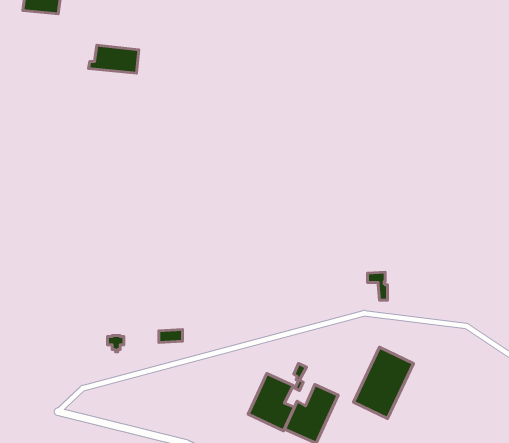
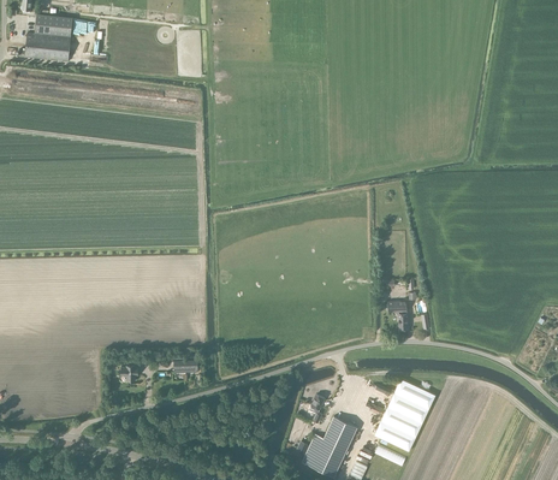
building: [89,45,139,73] -> [19,32,71,61]
building: [248,373,295,431] -> none

